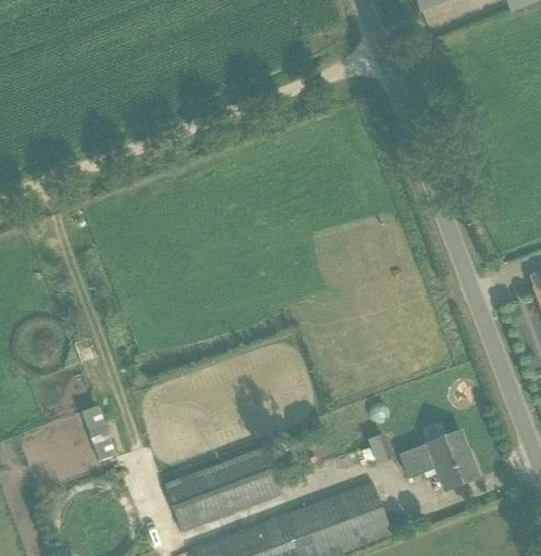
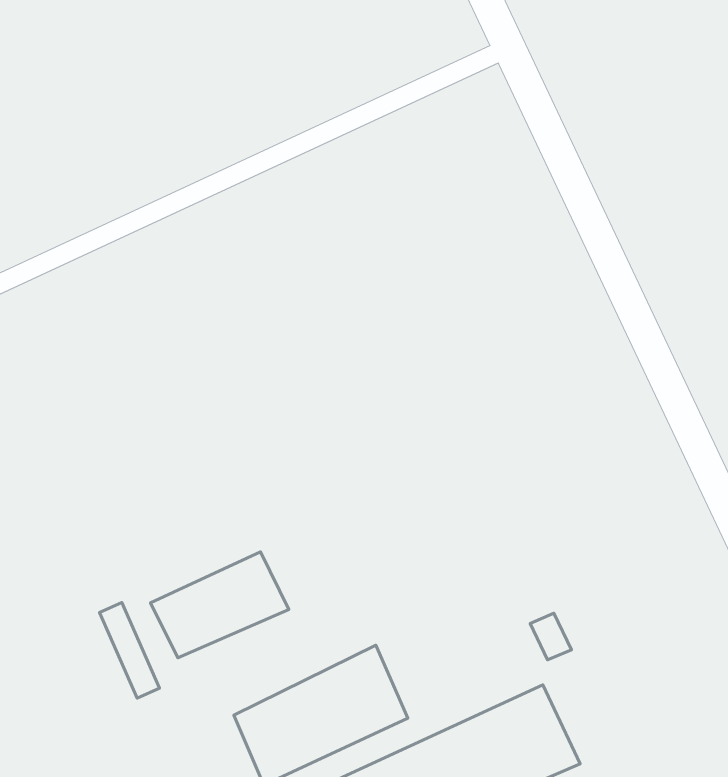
building: none -> [151,552,289,658]
building: [399,431,479,493] -> none

